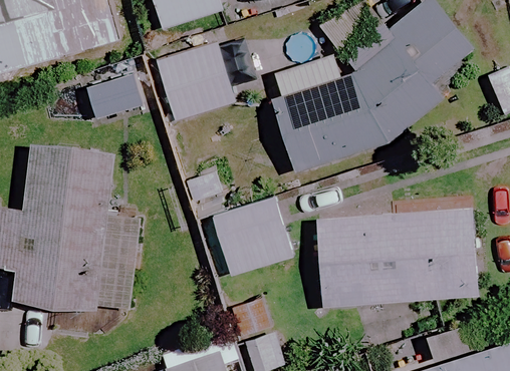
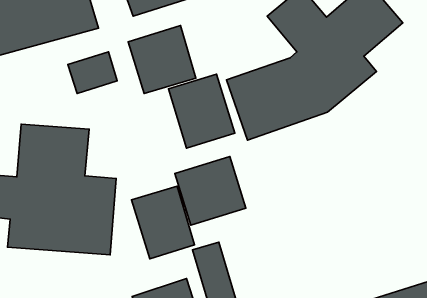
building: none -> [168,74,235,148]
building: [317,209,479,306] -> none
building: none -> [132,186,194,259]

